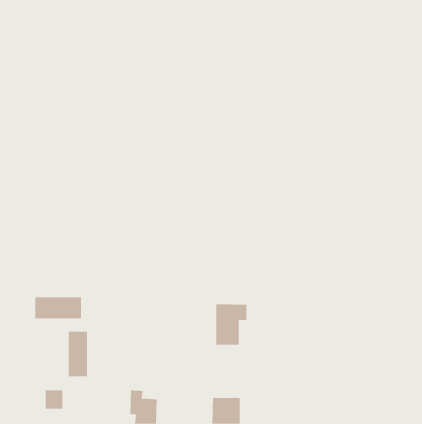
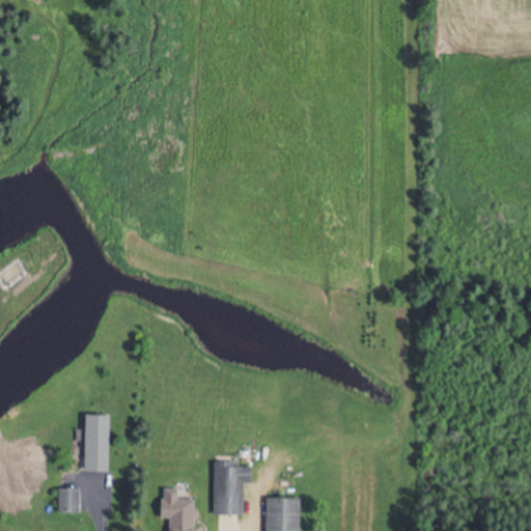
building: [35,296,82,319] -> none
building: [216,304,247,345] -> [213,462,252,513]

